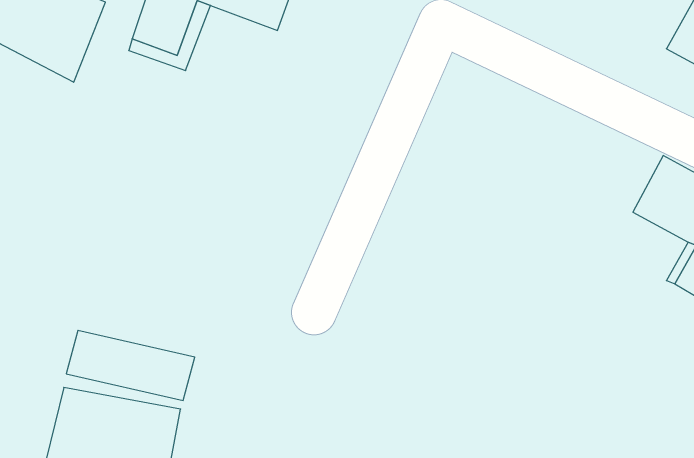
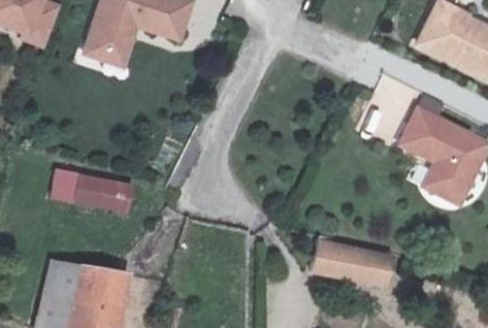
building: [66,330,195,400] -> [55,163,134,206]
building: none -> [308,231,393,284]

